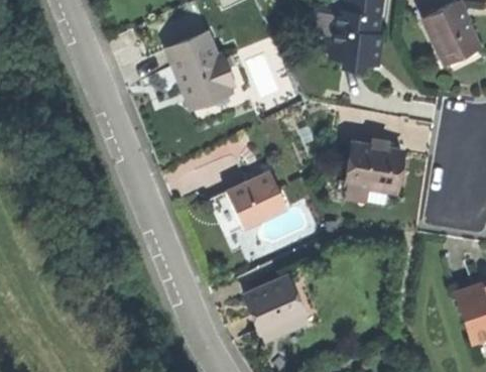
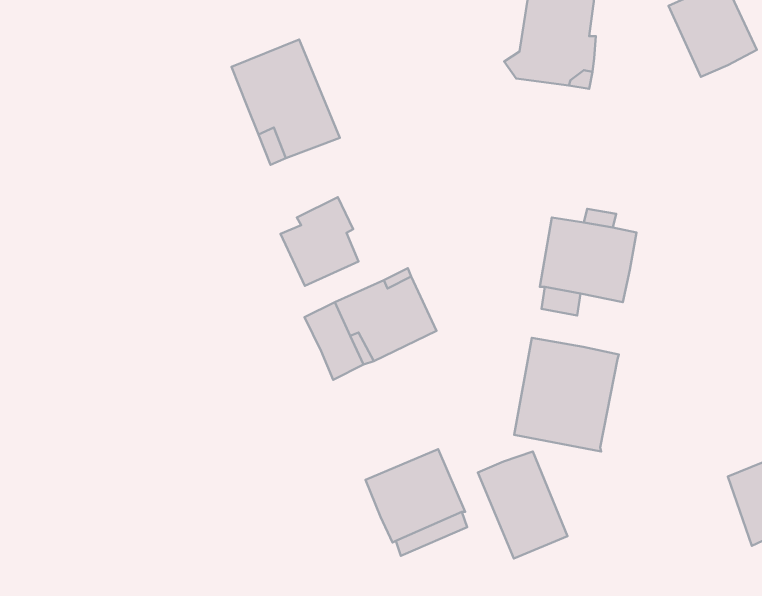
building: none -> [281,197,359,286]
building: none -> [514,338,619,451]
building: none -> [478,452,568,558]

